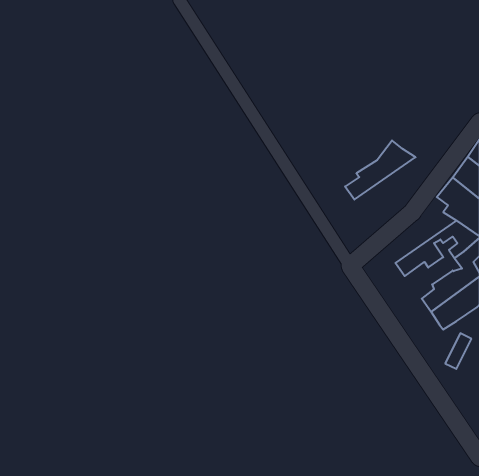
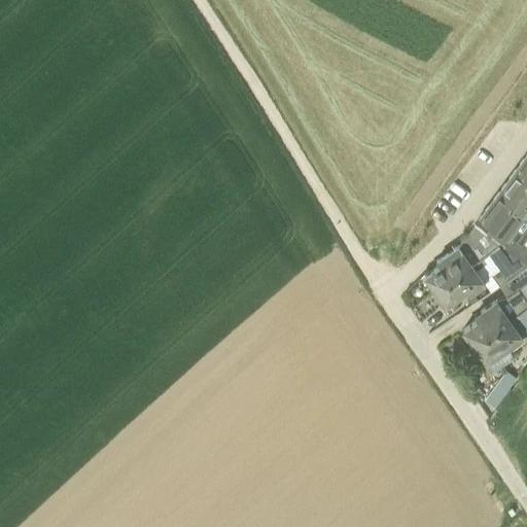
building: [345,140,416,200] -> [424,227,501,292]

